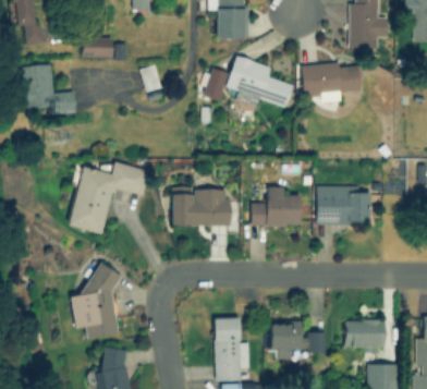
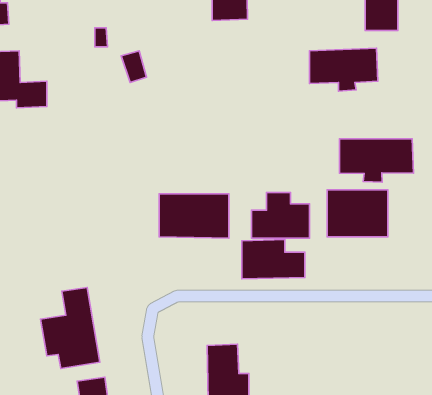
building: [82,37,112,58] -> none
building: [205,57,293,107] -> none
building: none -> [340,139,413,182]
building: [69,163,148,233] -> none
building: [344,319,386,350] -> none
building: [270,321,325,355] -> [242,240,305,279]

